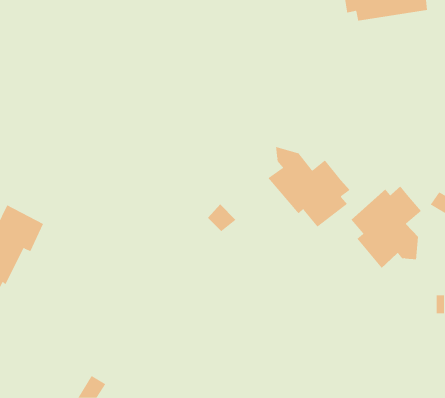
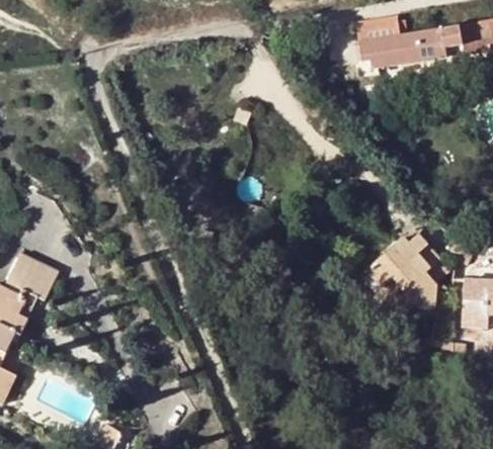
building: [268,146,350,227] -> none

